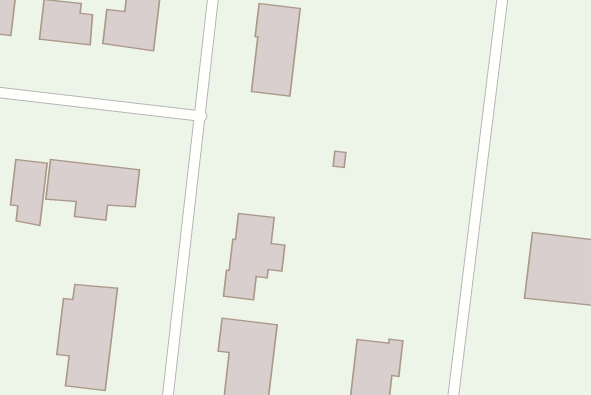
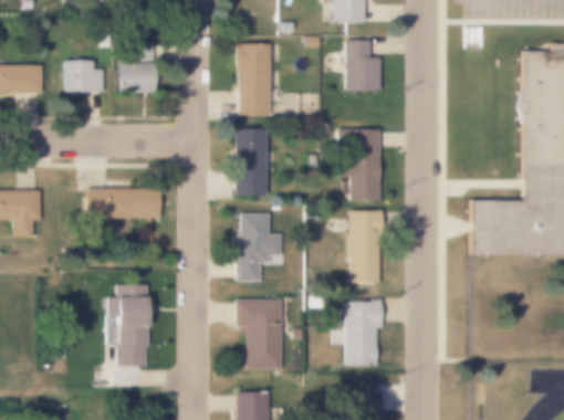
building: none -> [345,40,379,95]
building: none -> [234,129,265,193]
building: none -> [352,129,379,201]
building: [10,159,47,225] -> none
building: none -> [352,210,379,282]

